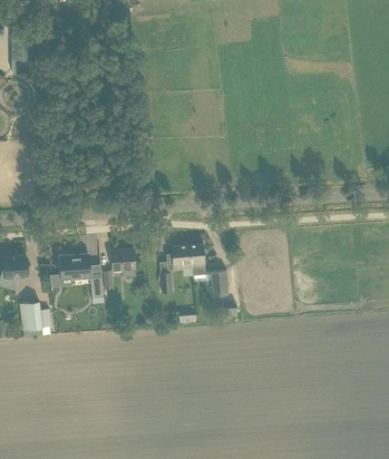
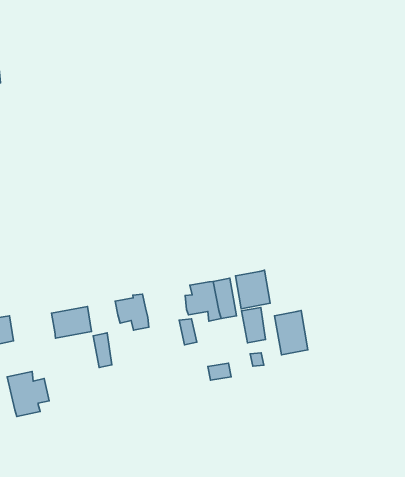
building: none -> [236,270,270,309]
building: none -> [275,311,308,355]

